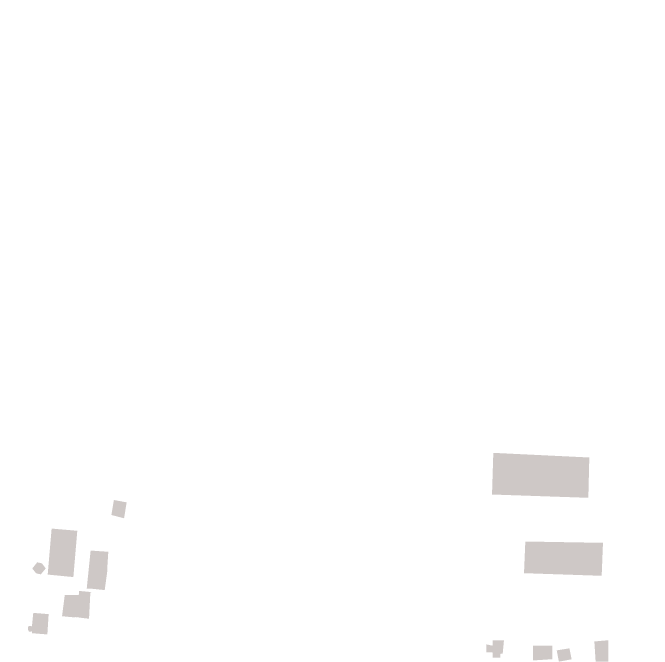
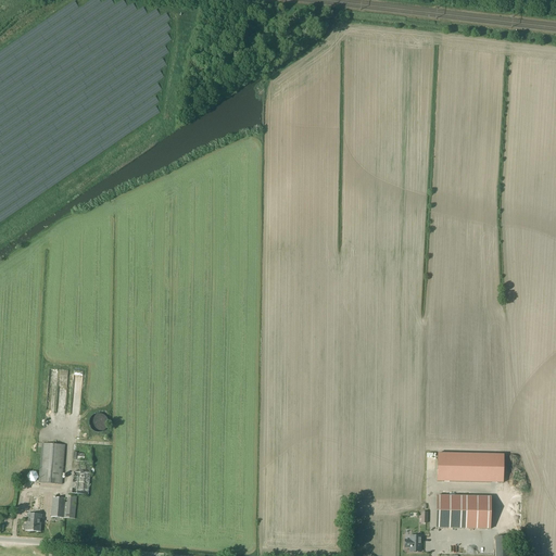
building: [492,452,590,498] -> none
building: none -> [435,493,491,527]

